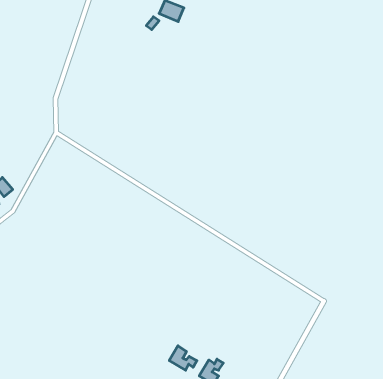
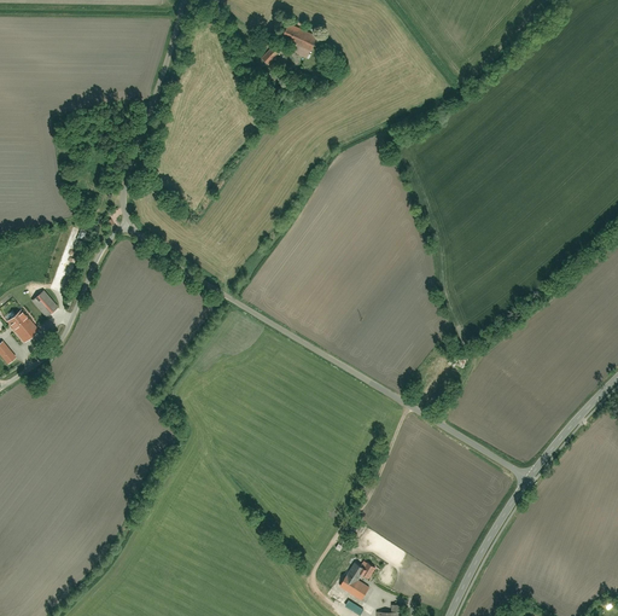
building: [169,346,197,370] -> none

